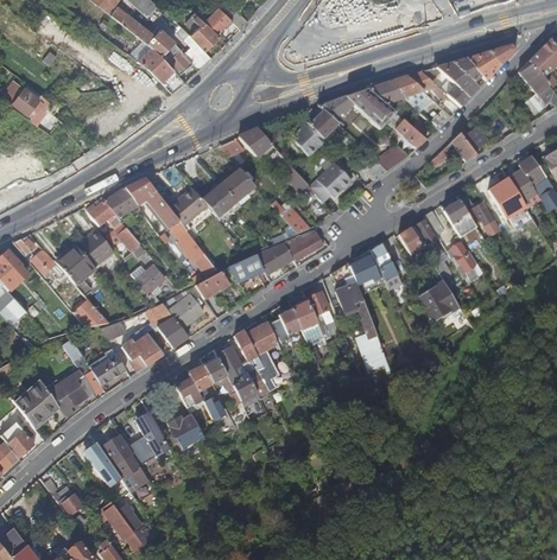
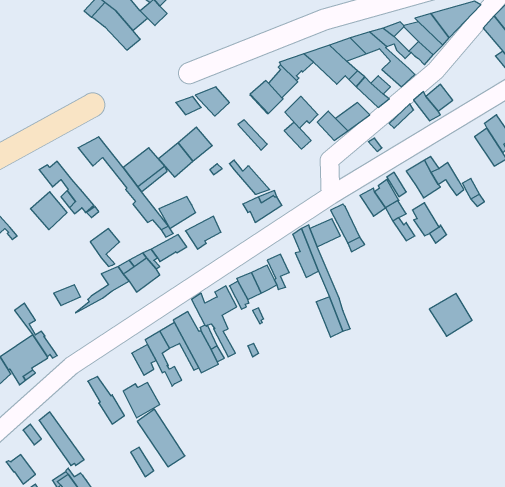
building: [309,171,341,202] -> [285,96,318,128]
building: [489,177,528,211] -> none
building: [103,187,138,218] -> none
building: [257,242,292,273] -> [159,197,196,228]
building: [57,247,95,285] -> none
building: [418,280,460,322] -> [429,293,472,336]
building: [72,298,109,326] -> none
building: [157,317,189,349] -> none
building: [121,333,163,373] -> none
building: [90,348,126,386] -> none
building: [102,434,148,490] -> [137,409,185,467]

